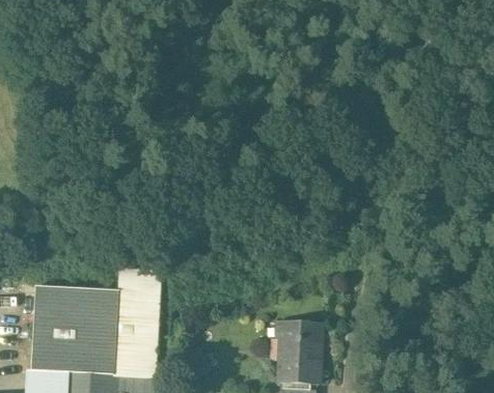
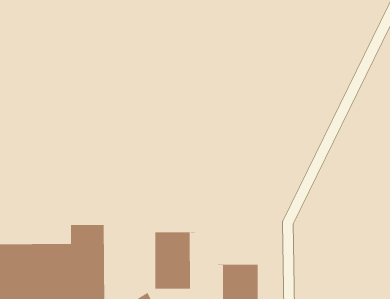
building: none -> [154,231,195,289]

